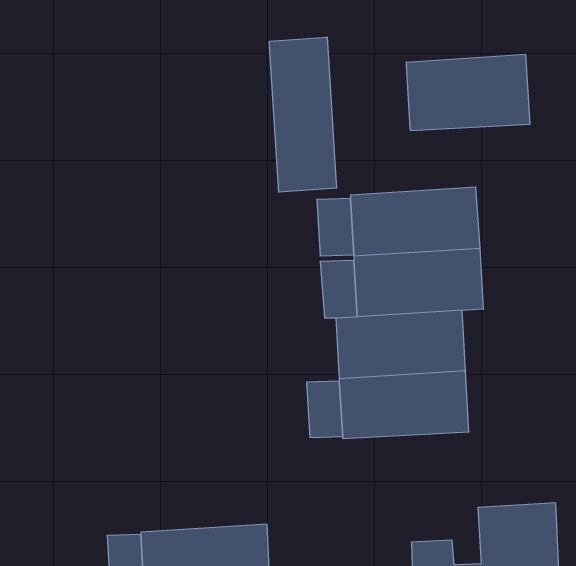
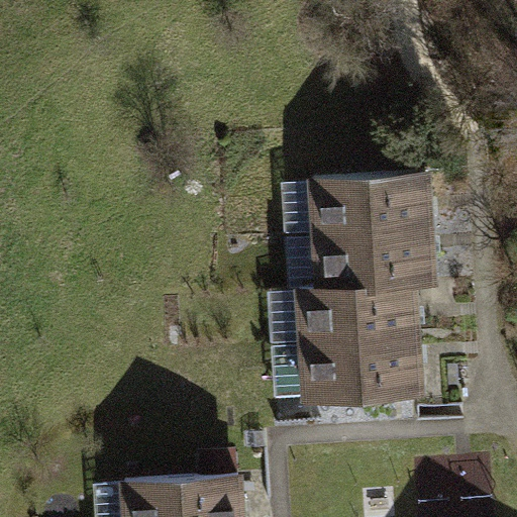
building: [269,37,337,192] -> none
building: [406,54,530,131] -> none

